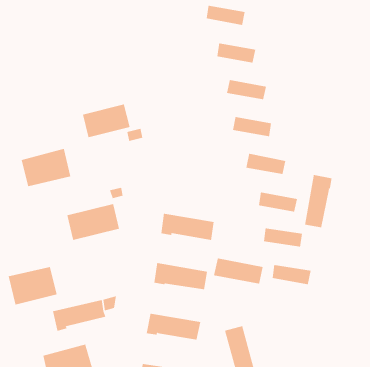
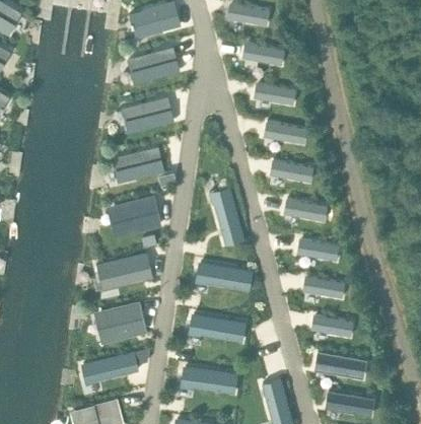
building: none -> [127,47,180,84]
building: none -> [122,96,172,132]
building: none -> [209,187,244,244]
building: [21,148,71,187] -> [108,197,160,237]
building: [305,174,332,228] -> none
building: [213,258,264,284] -> [313,352,366,379]
building: [8,267,57,305] -> [94,302,146,343]
building: none -> [325,392,374,417]

